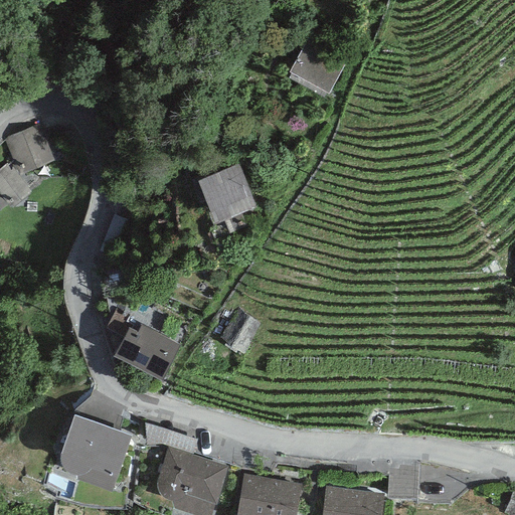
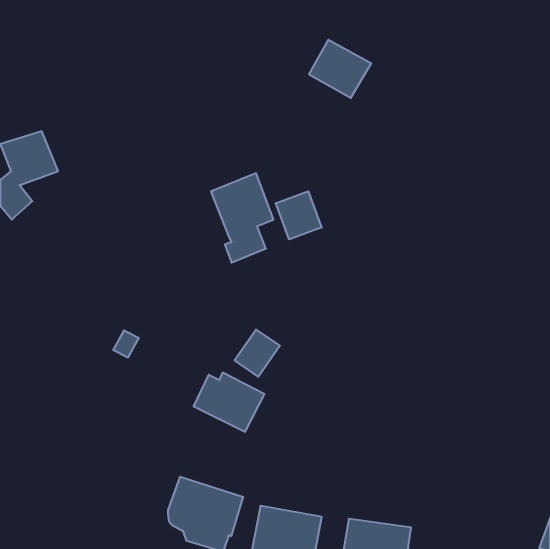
building: none -> [276,191,322,239]
building: [114,325,180,380] -> [193,373,264,432]
building: [59,412,132,489] -> none

